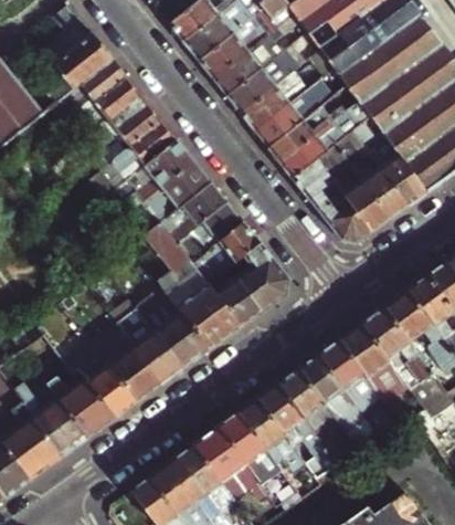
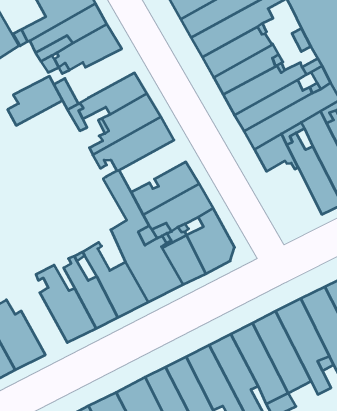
building: [108,98,161,153] -> [8,76,62,125]
building: [161,181,226,240] -> none
building: [308,185,370,241] -> none
building: [75,347,137,416] -> none

